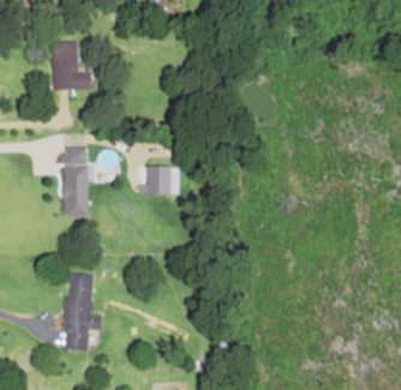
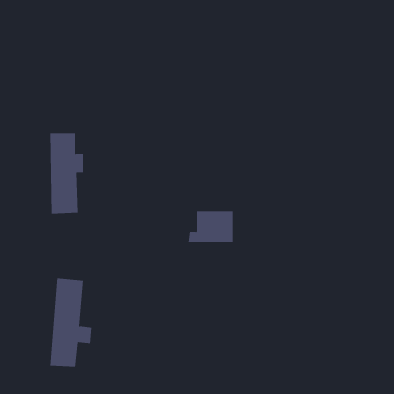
building: [52,42,89,90] -> none
building: [138,166,178,193] -> [188,211,233,243]

